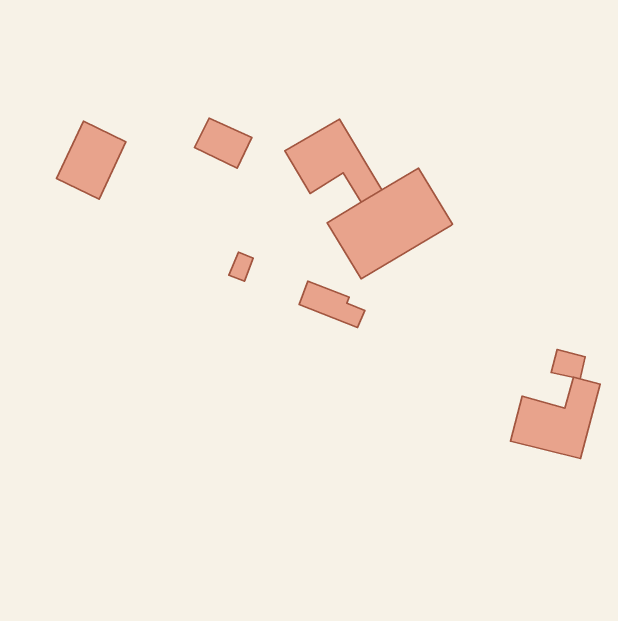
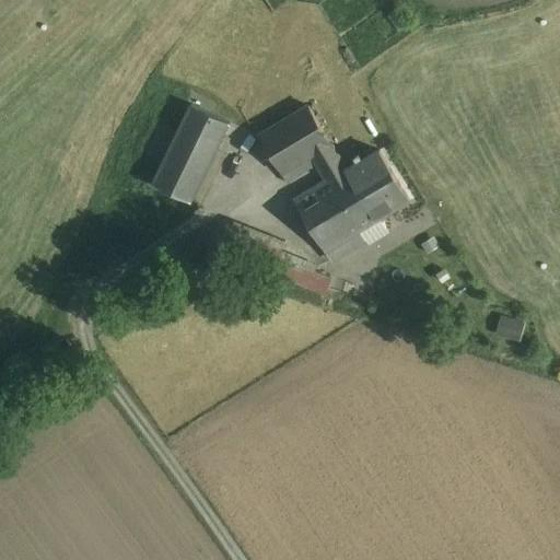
building: [57,121,126,199] -> [151,133,213,203]
building: [510,377,600,459] -> none

